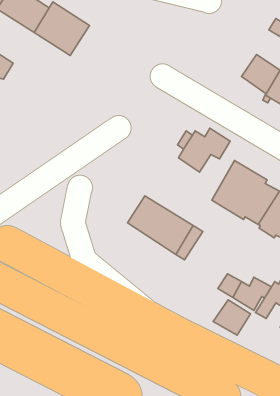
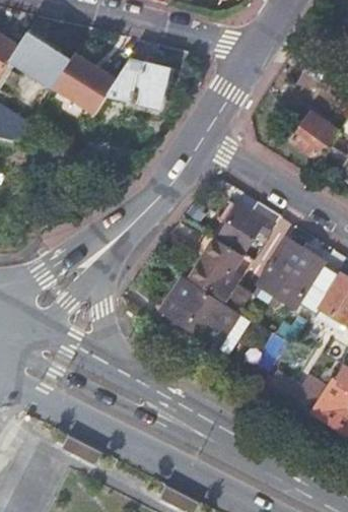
building: none -> [107,60,177,106]
building: none -> [191,238,246,301]
building: [213,300,250,335] -> none

